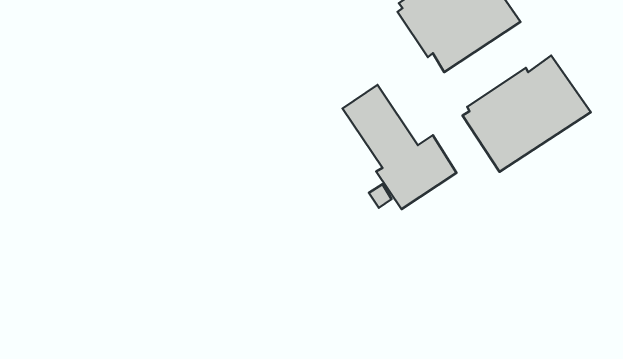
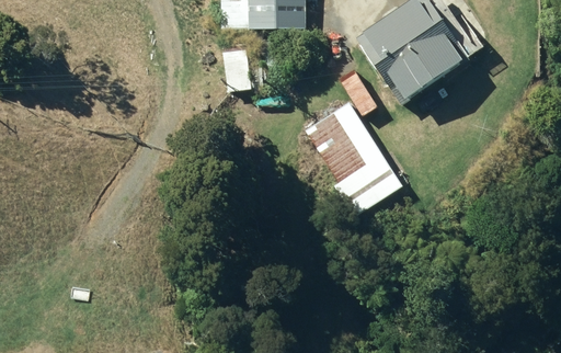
building: [462,56,591,172] -> none

